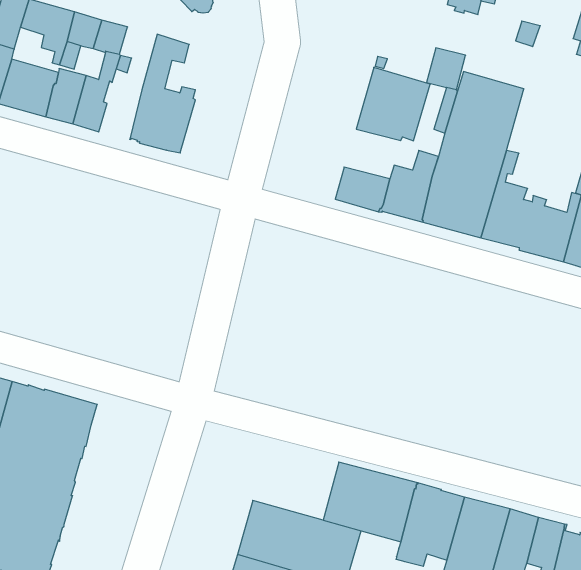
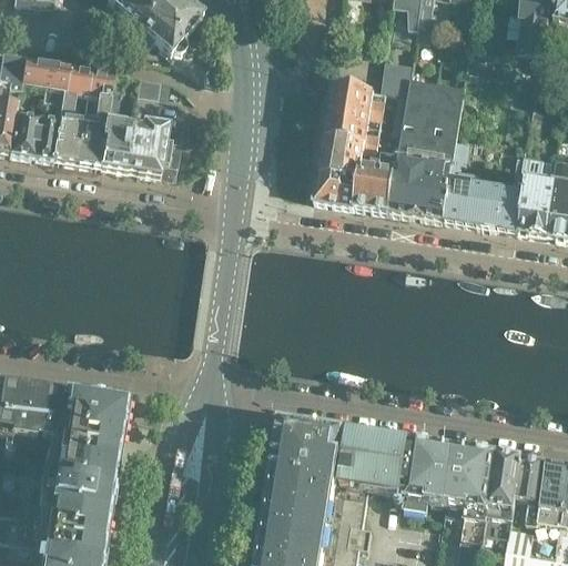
building: none -> [101,119,134,168]
building: none -> [318,135,365,175]
building: none -> [273,417,344,479]

